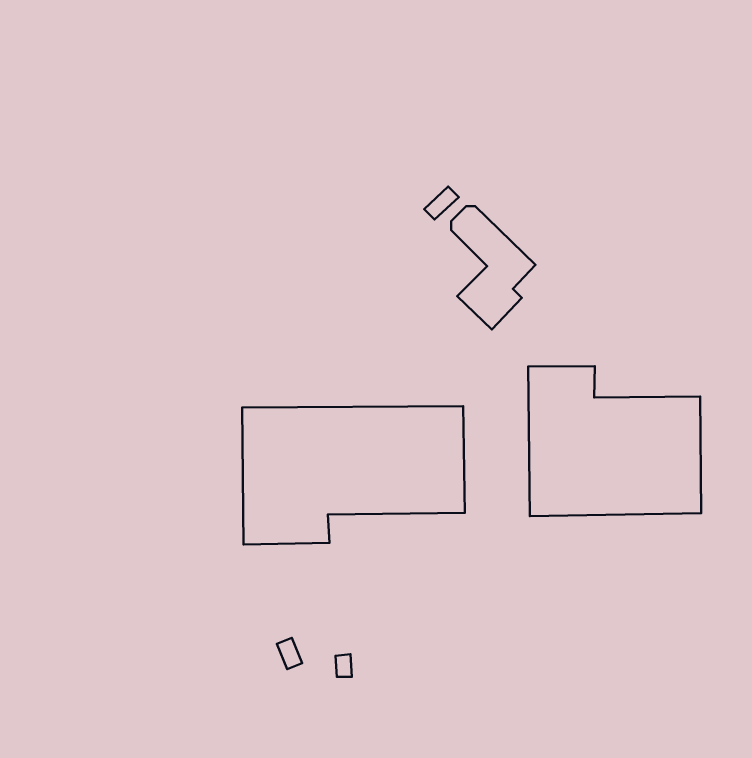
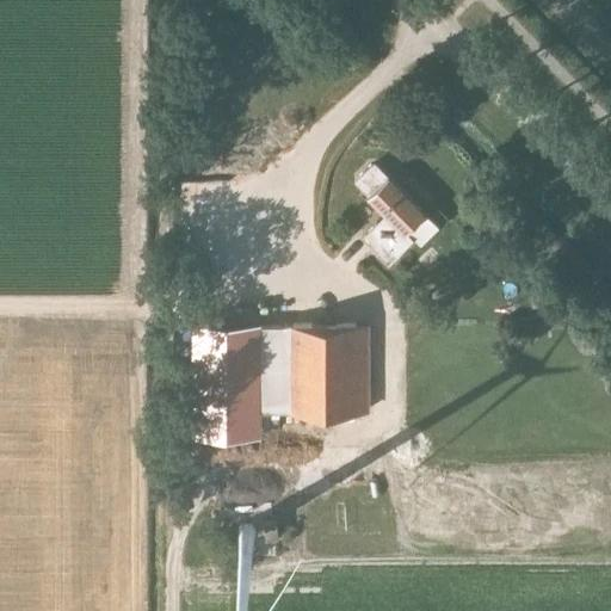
building: [528,366,701,516] -> none

